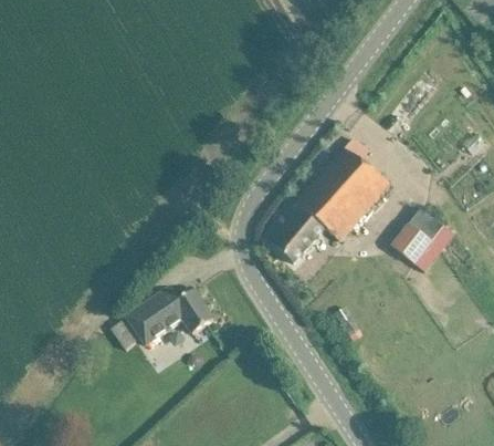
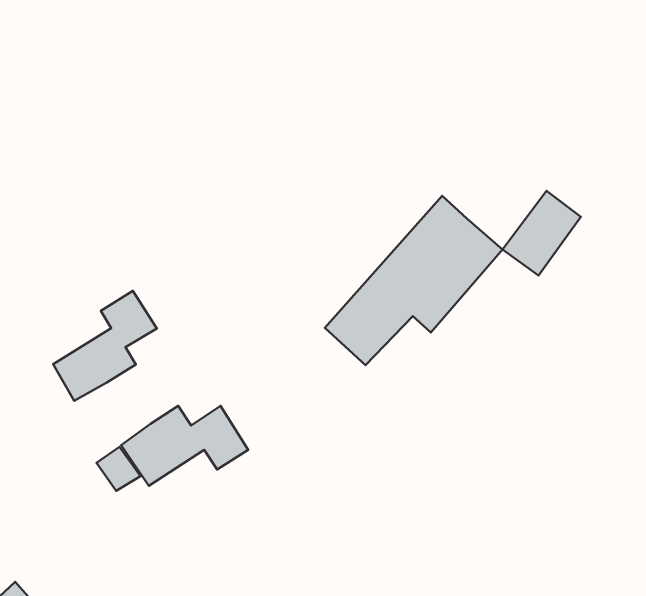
building: [395,207,448,265] -> [503,191,581,276]
building: none -> [53,291,157,401]

